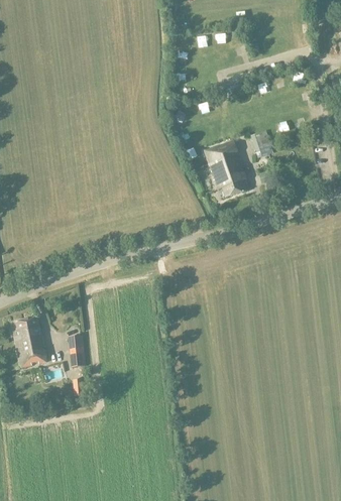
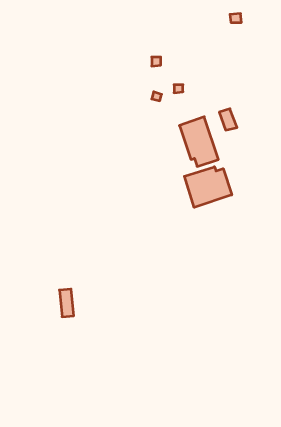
building: none -> [184,167,232,207]
building: [13,317,45,366] -> none

